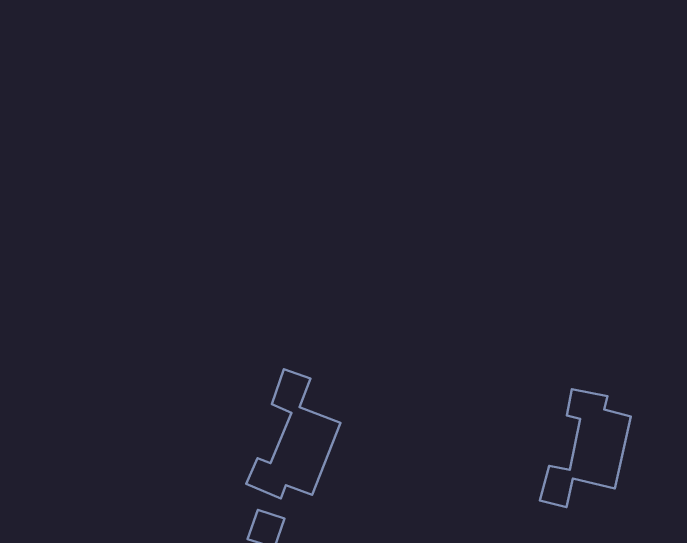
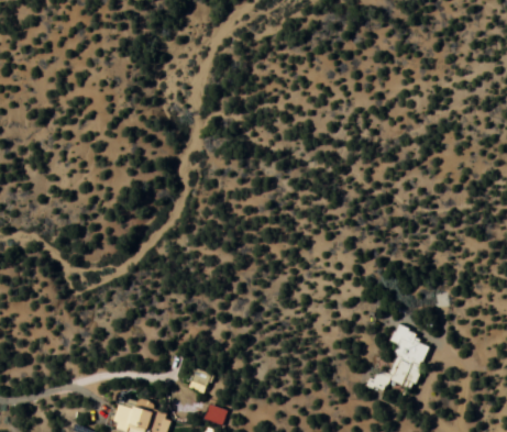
building: [246,369,341,499] -> none

